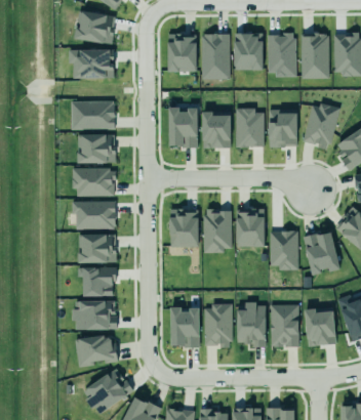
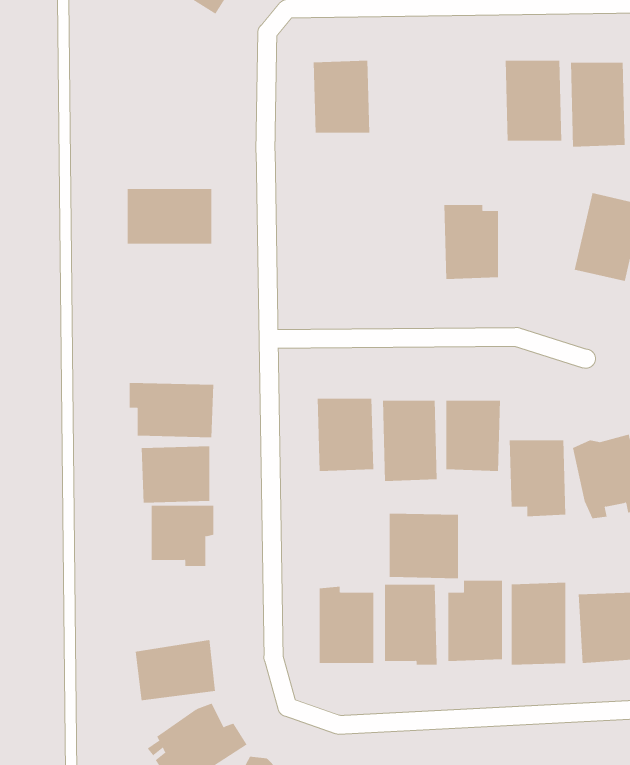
building: [75,10,114,45] -> none
building: [234,33,264,70] -> none
building: [201,34,230,79] -> none
building: [69,49,113,79] -> none
building: [168,107,198,148] -> none
building: [268,109,297,148] -> none
building: [202,111,231,149] -> none
building: [77,134,114,163] -> none
building: [73,168,115,197] -> none
building: none -> [389,513,458,579]
building: [73,301,116,330] -> none

